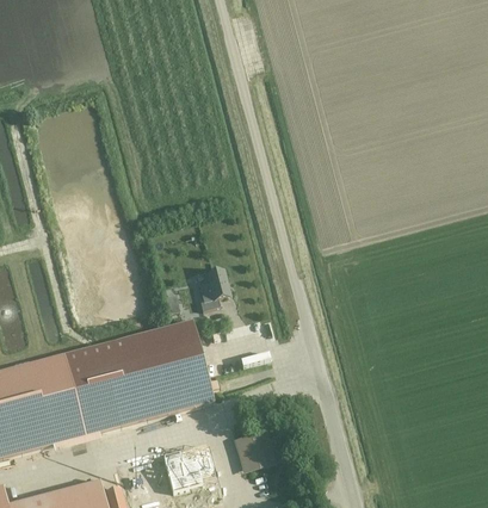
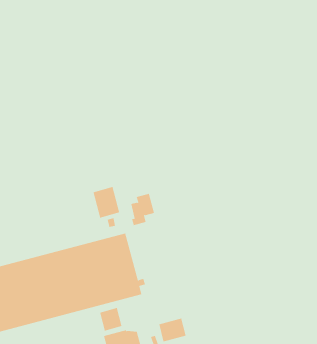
building: none -> [93,186,120,219]
building: none -> [99,307,122,331]

